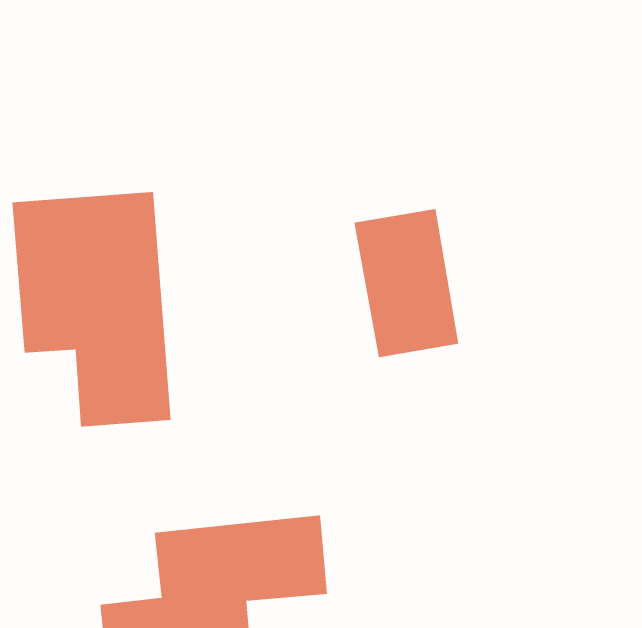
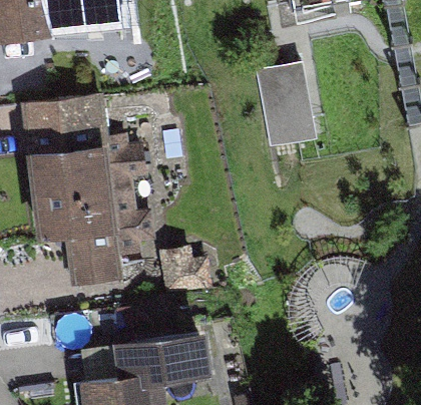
building: [354,208,459,358] -> [257,64,317,149]

